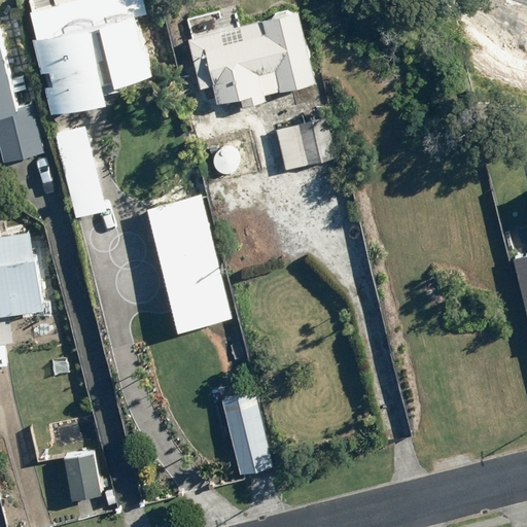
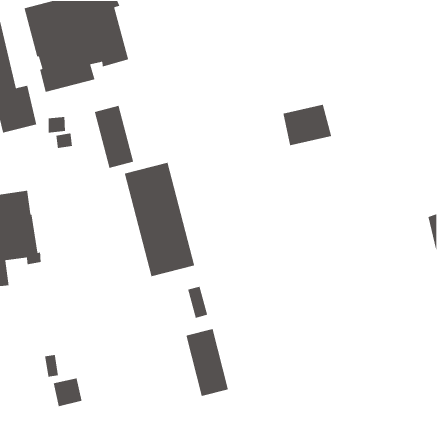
building: [187,11,314,107] -> none
building: [275,119,333,170] -> [283,104,332,146]
building: none -> [94,105,134,169]

